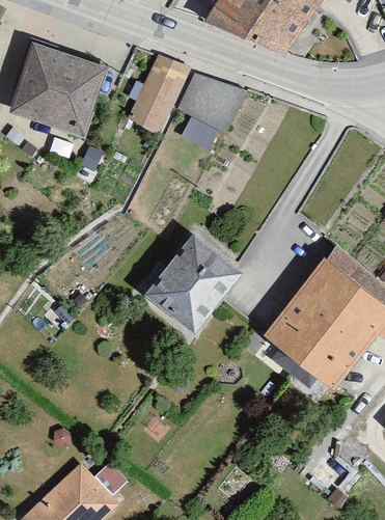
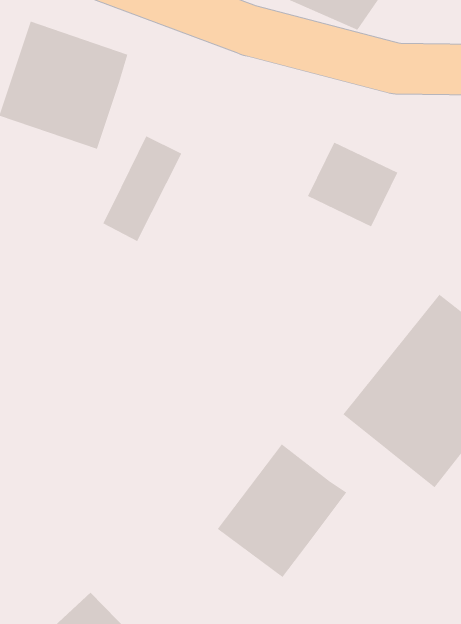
building: [123,54,183,133] -> [102,135,182,242]
building: [176,72,244,135] -> [307,142,398,227]
building: [148,234,245,333] -> [217,444,347,578]

